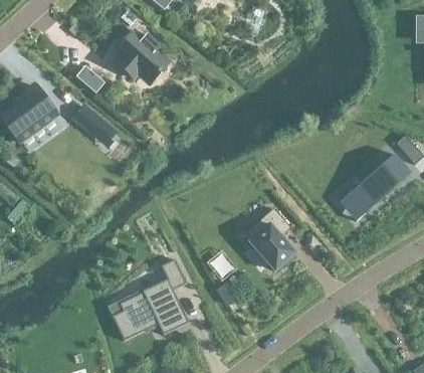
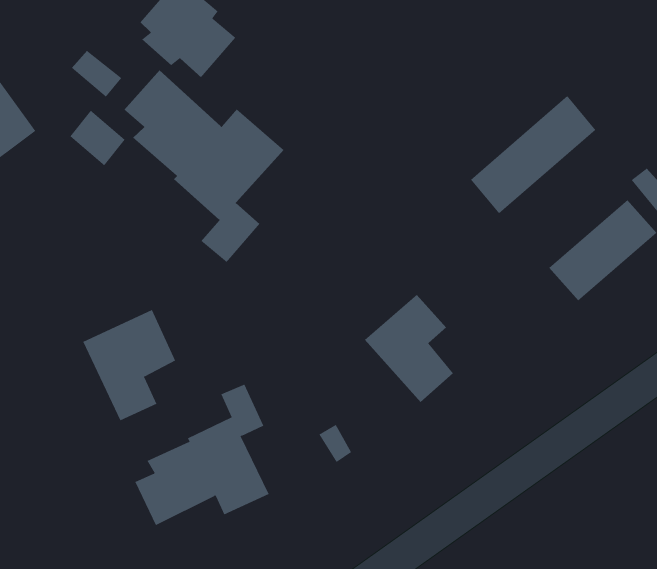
building: none -> [123,69,285,263]
building: none -> [470,95,596,214]
building: none -> [82,309,176,421]

